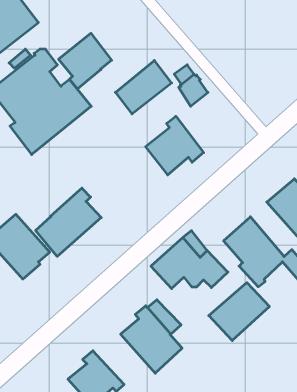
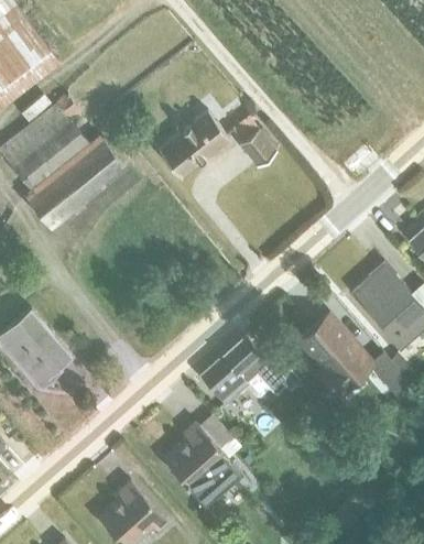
building: [59,33,112,89] -> none
building: [146,116,204,175] -> none
building: [36,188,101,256] -> none
building: [209,283,269,341] -> none

